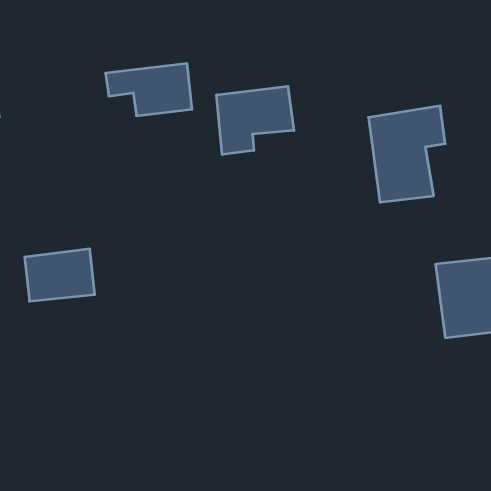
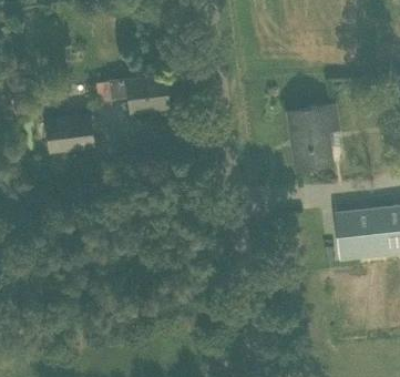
building: [217,86,294,155] -> none
building: [25,249,95,301] -> [45,116,93,152]

